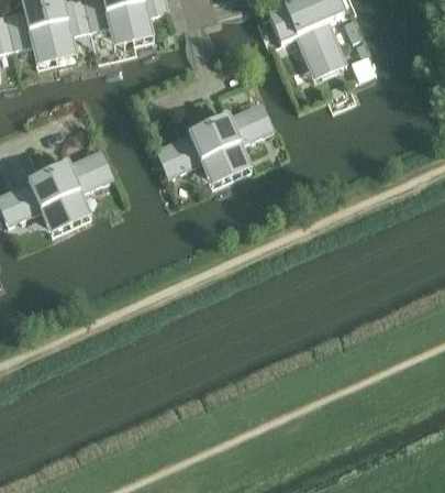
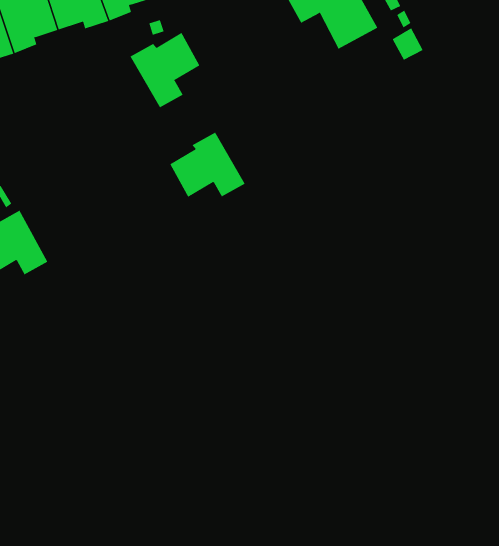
building: [207,108,262,166] -> [130,32,200,108]
building: [47,156,102,213] -> none

